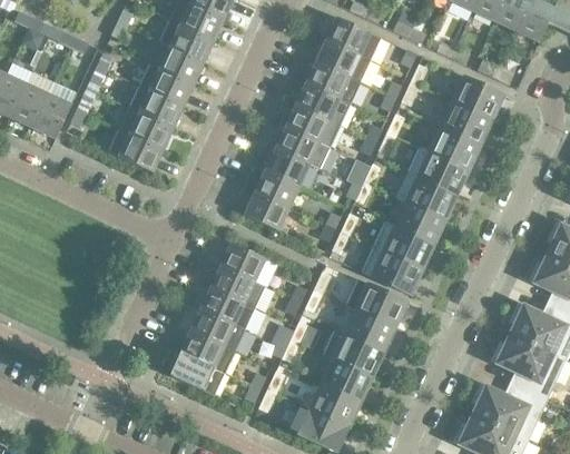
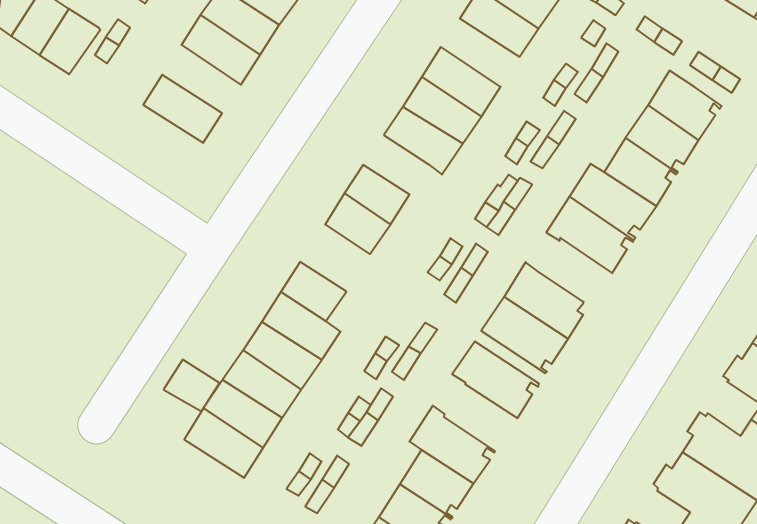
building: [306,61,361,103] -> none
building: [119,107,174,149] -> none
building: [265,148,309,186] -> none
building: [395,200,445,245] -> none
building: [345,309,395,352] -> none
building: none -> [164,359,220,412]

